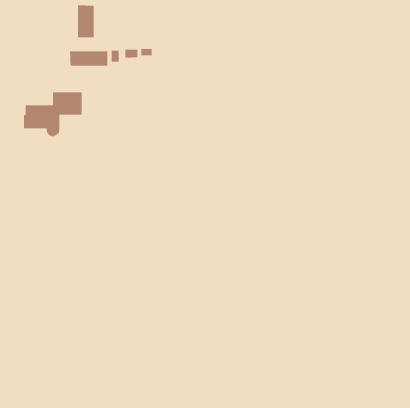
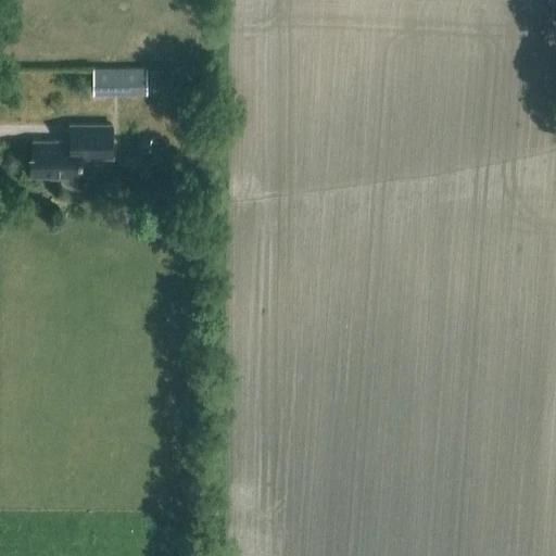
building: [77,4,95,38] -> none

